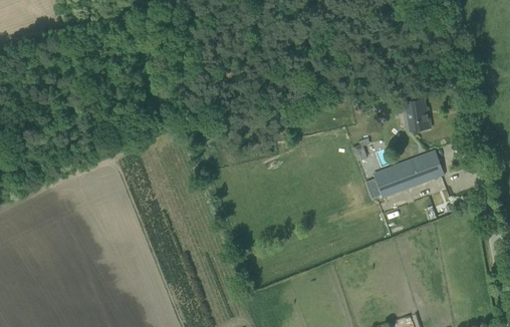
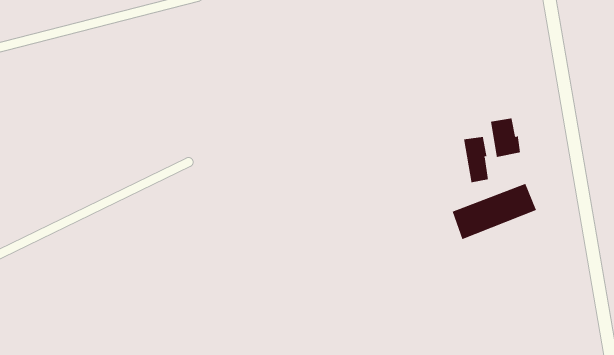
building: none -> [464,136,489,183]

